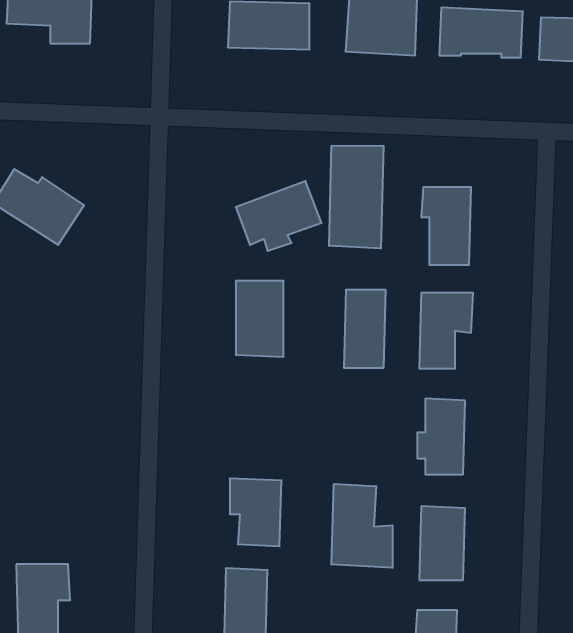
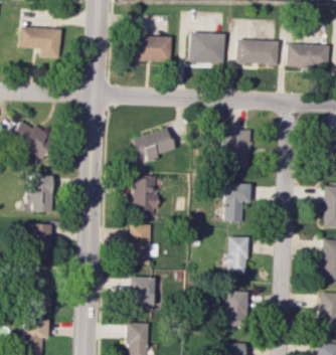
building: [329,146,383,249] -> none
building: none -> [27,175,52,211]
building: [344,290,386,368] -> [130,224,151,263]
building: none -> [30,224,52,259]
building: none -> [30,273,50,312]
building: [332,484,393,568] -> none

